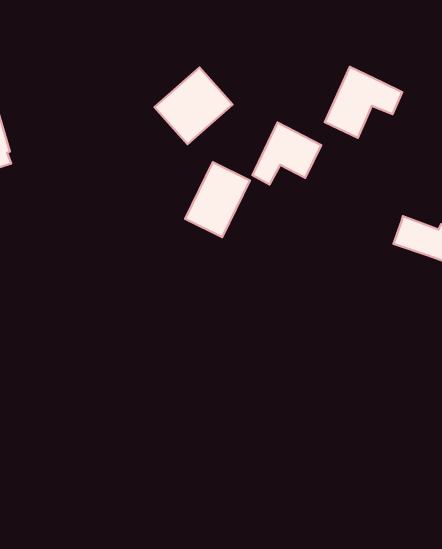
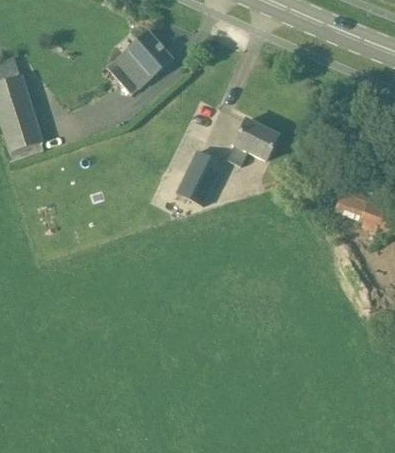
building: [325,67,402,138] -> none
building: [155,68,232,144] -> [113,30,172,88]

